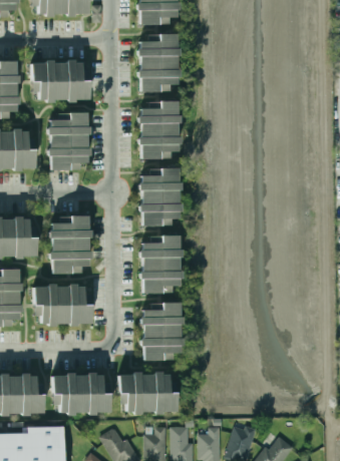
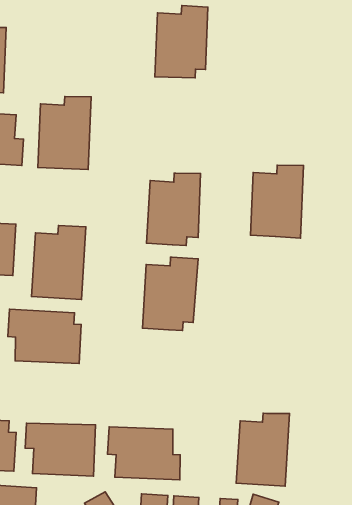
building: [32,60,91,101] -> none
building: [139,100,181,158] -> [251,165,304,238]
building: [142,302,182,360] -> [236,413,289,486]

